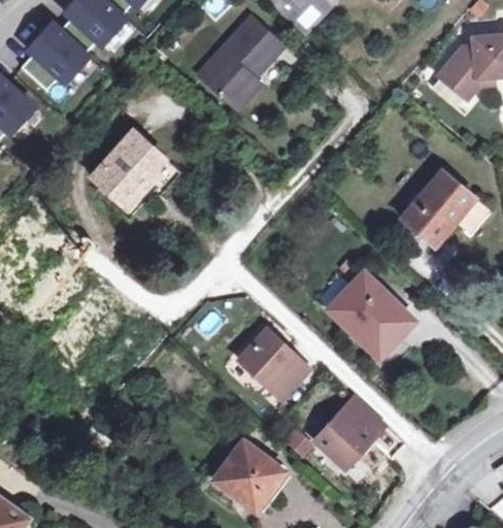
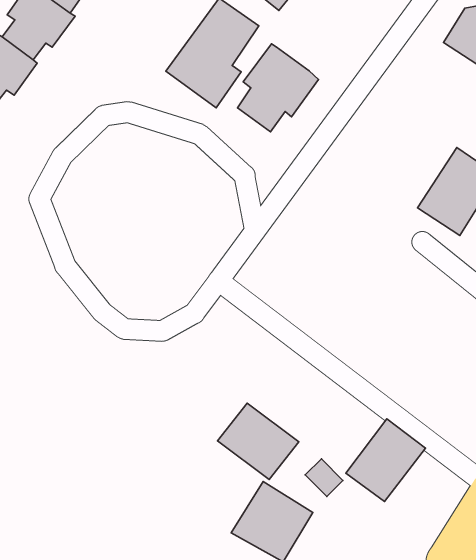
building: none -> [238,44,318,132]
building: [92,129,165,207] -> none
building: [329,274,412,357] -> none
building: [241,330,311,398] -> [218,403,299,480]

